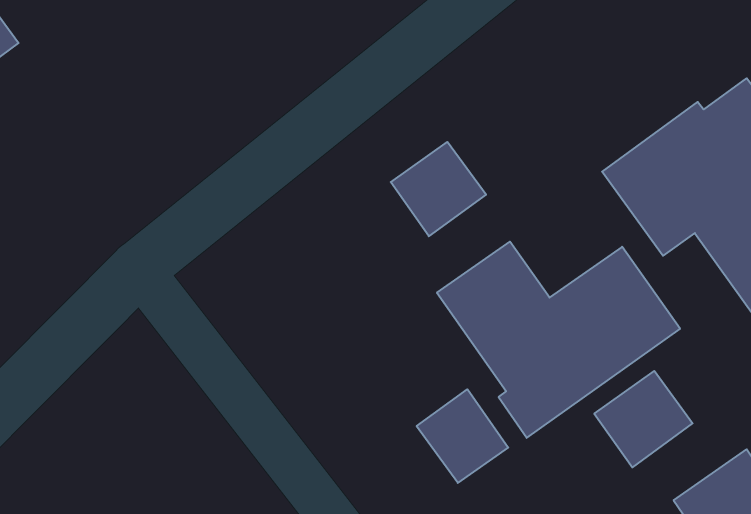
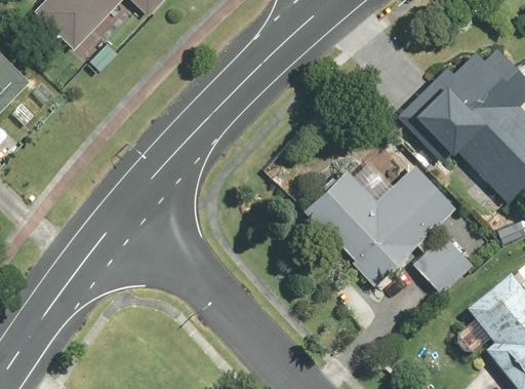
building: [391,142,486,236] -> none
building: [417,389,508,483] -> none

